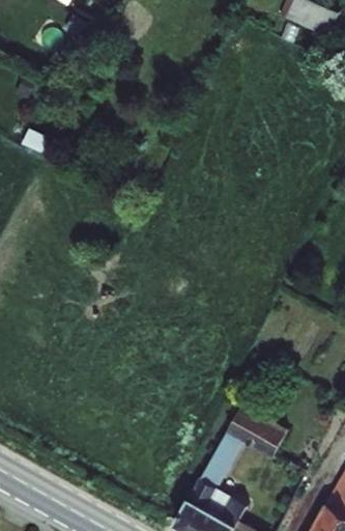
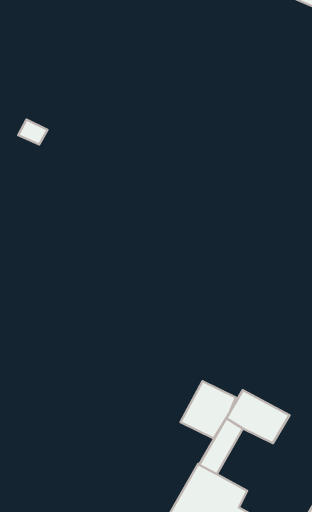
building: none -> [181,381,236,439]

